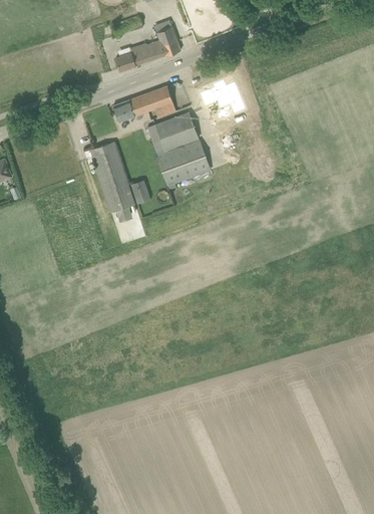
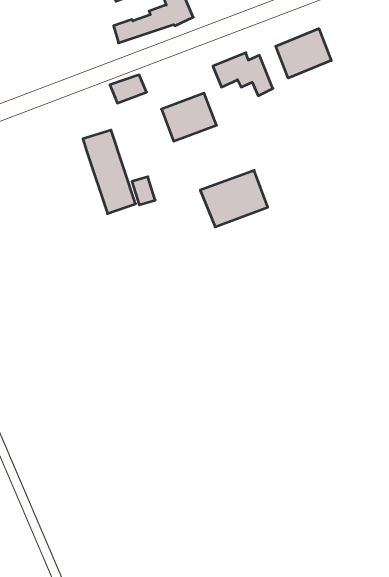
building: none -> [276,29,331,78]
building: [136,86,175,116] -> none
building: [155,141,211,187] -> [200,170,268,227]

